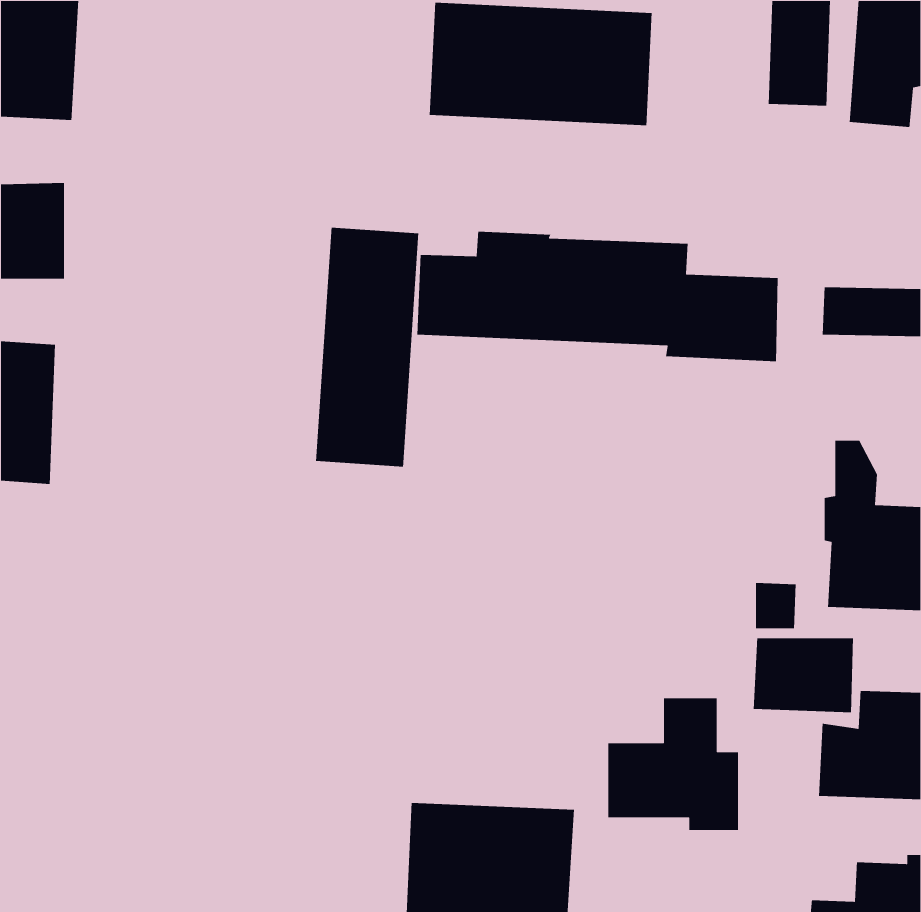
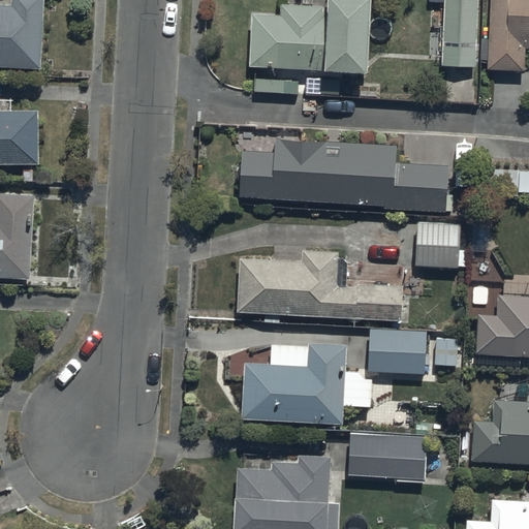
building: [315,227,419,467] -> none
building: none -> [414,221,458,266]
building: none -> [236,249,403,325]
building: none -> [239,351,345,436]
building: [753,638,854,713] -> [367,330,425,373]

